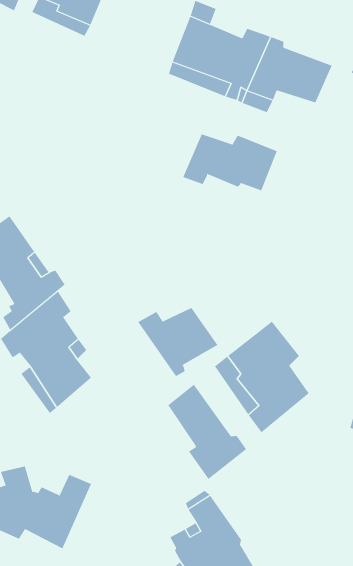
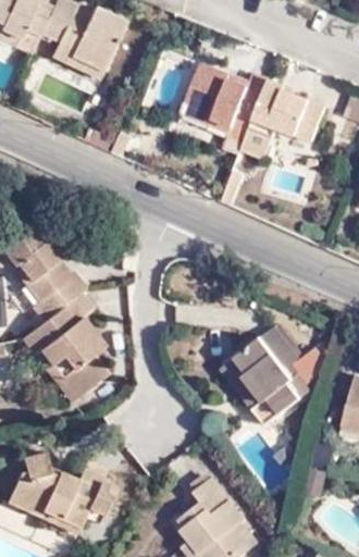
building: [183,133,277,191] -> none
building: [137,307,218,377] -> none
building: [167,384,247,480] -> none

